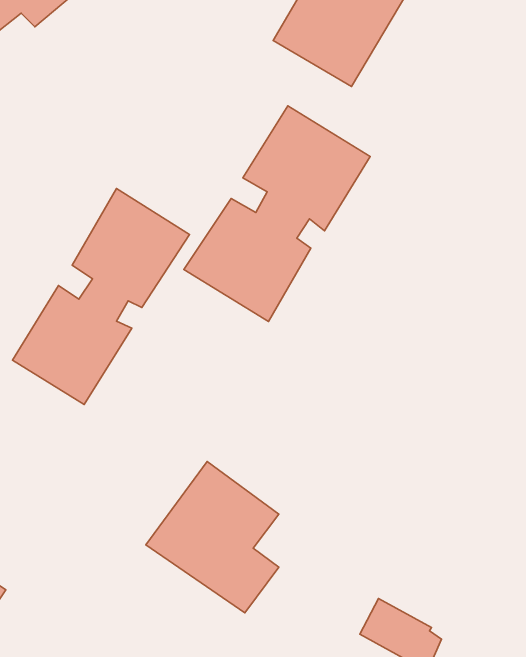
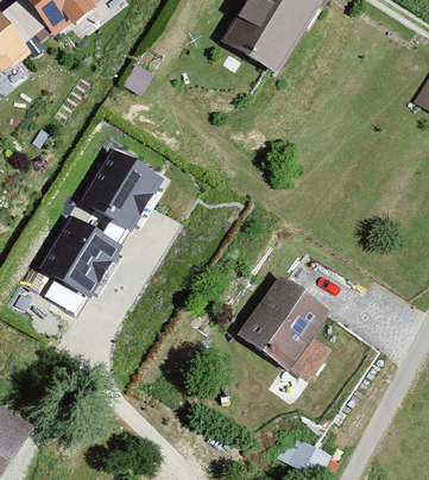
building: [184,106,370,321] -> none
building: [146,462,279,613] -> [239,274,332,380]

